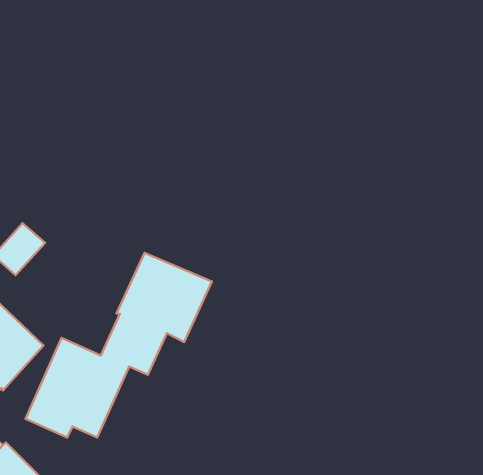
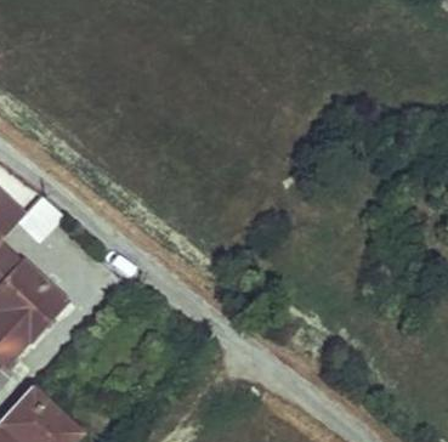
building: [26,253,212,437] -> none

